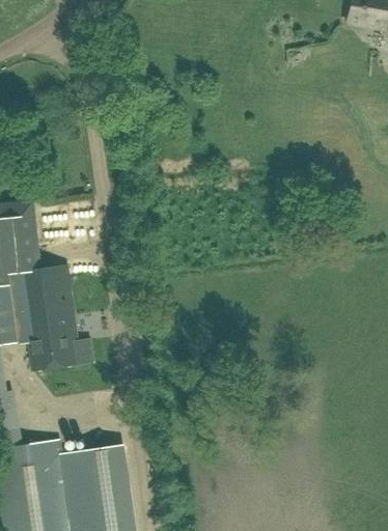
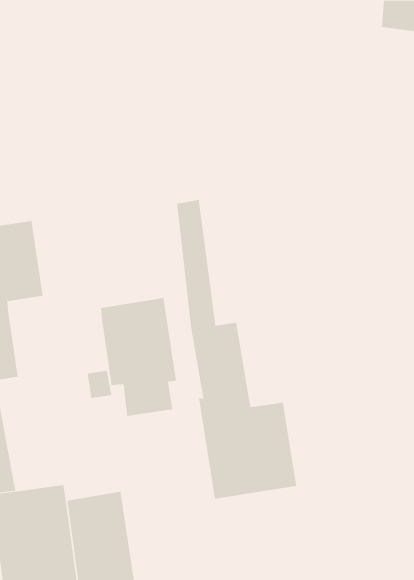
building: none -> [177,199,297,500]
building: [10,264,80,372] -> [100,298,177,416]

